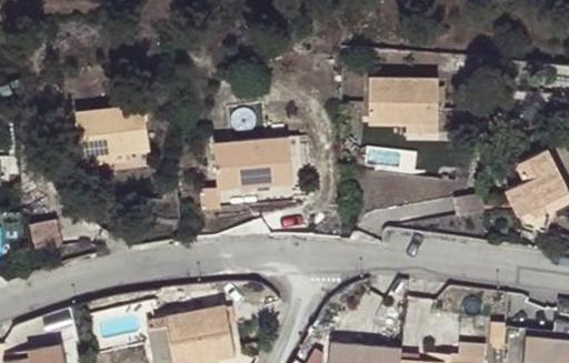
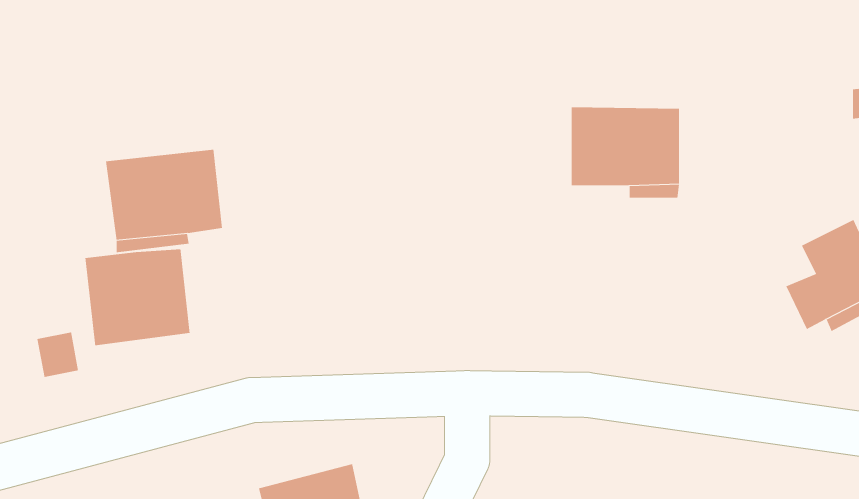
building: [212,134,292,183] -> none
building: none -> [85,249,190,346]

